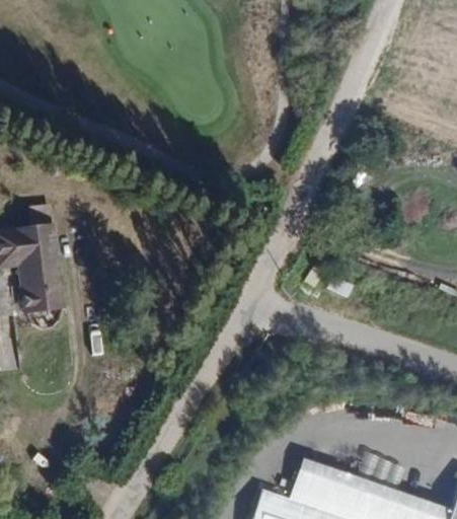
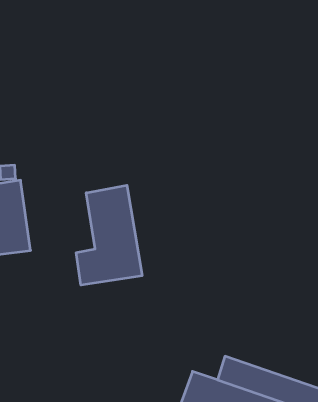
building: none -> [76,185,142,285]

